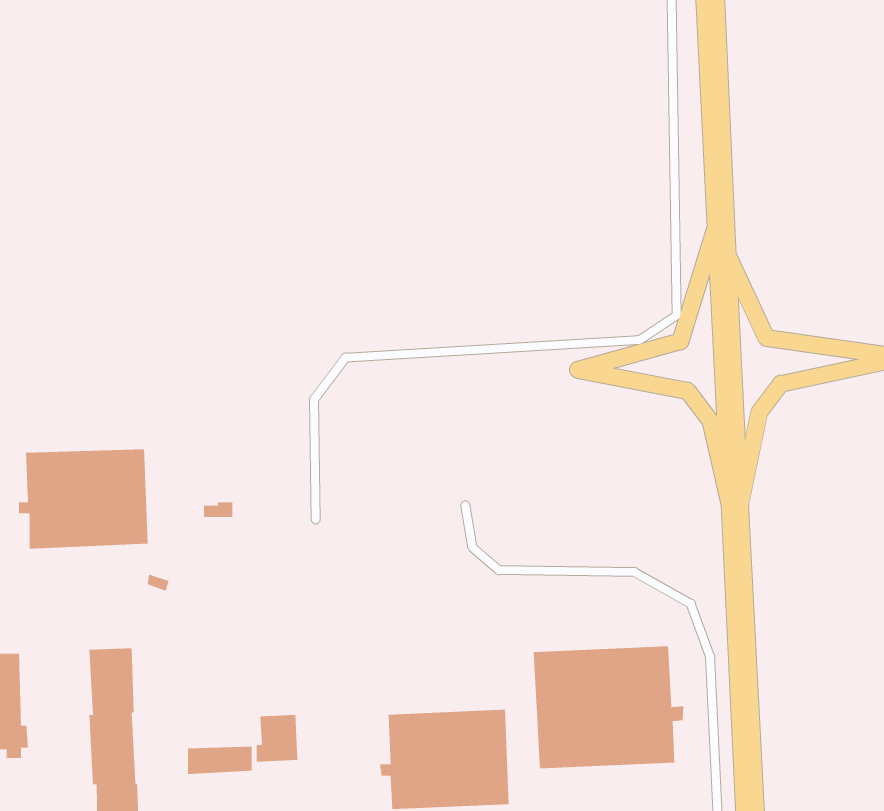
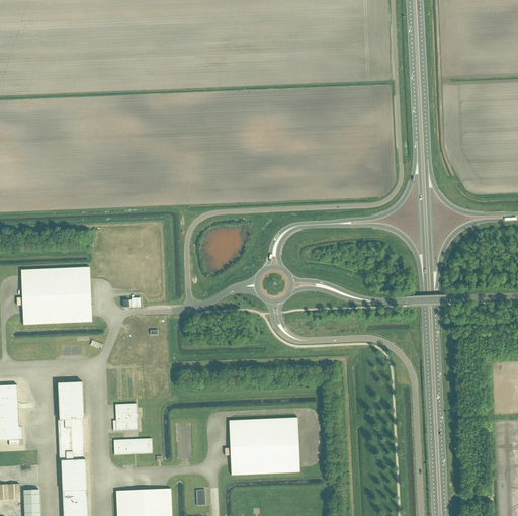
building: [533,645,684,769] -> none
building: [256,715,298,762] -> [112,403,137,430]

